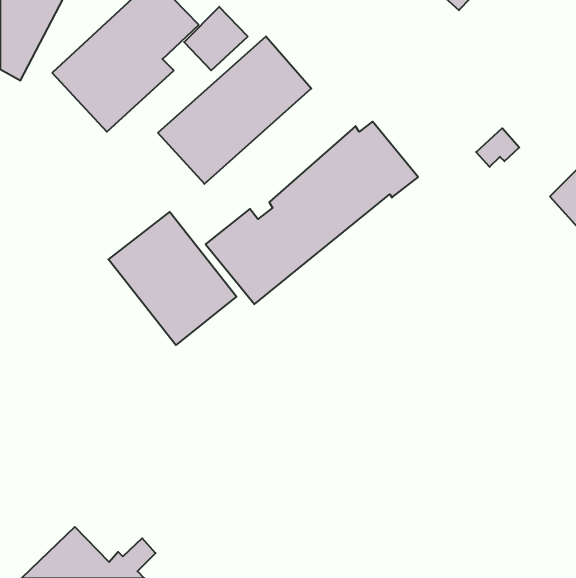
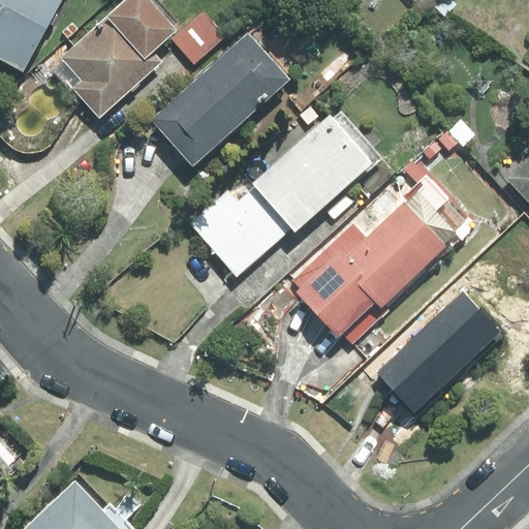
building: none -> [288,161,457,339]
building: [108,212,236,345] -> none
building: none -> [374,287,498,415]

